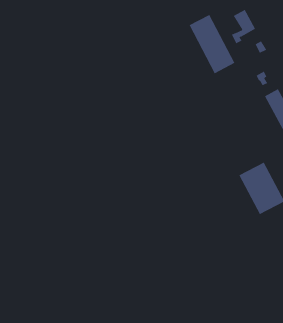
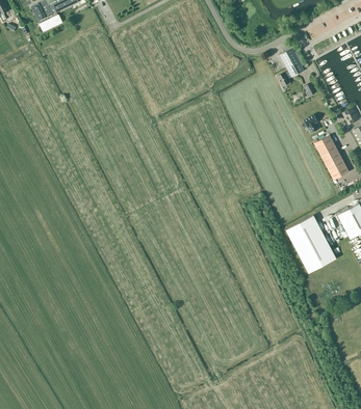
building: [189,14,235,74] -> none

